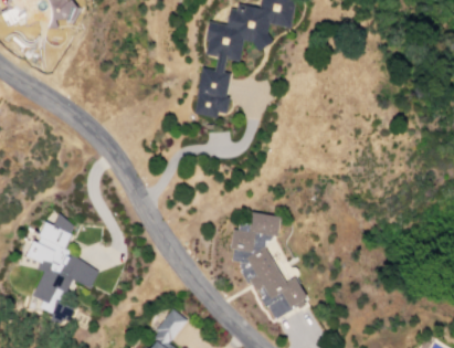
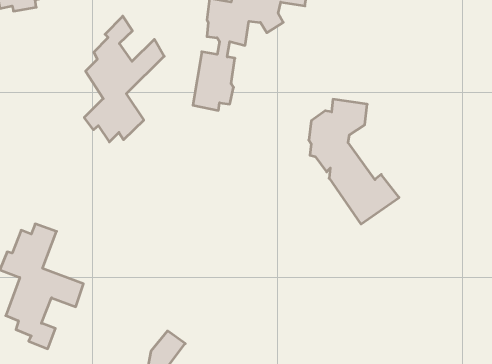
building: none -> [84,16,164,142]
building: [230,212,308,320] -> [309,99,399,224]

